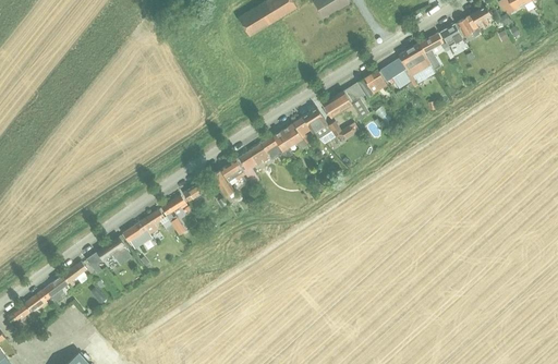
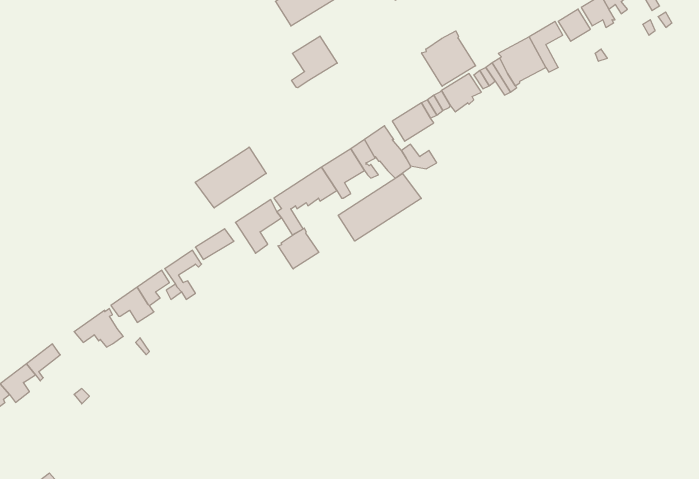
building: none -> [422,31,476,86]
building: none -> [292,36,337,88]
building: none -> [195,147,266,208]
building: none -> [338,173,421,241]
building: none -> [278,228,319,269]

